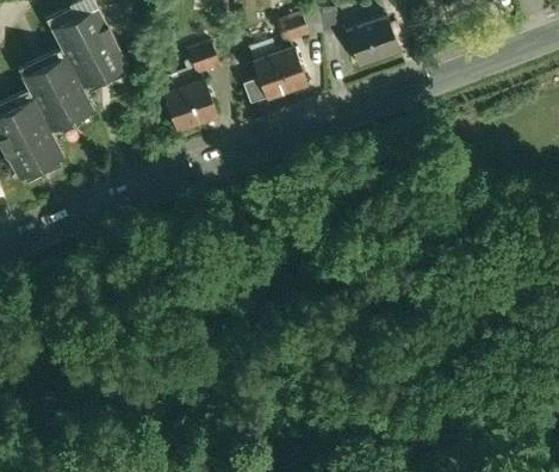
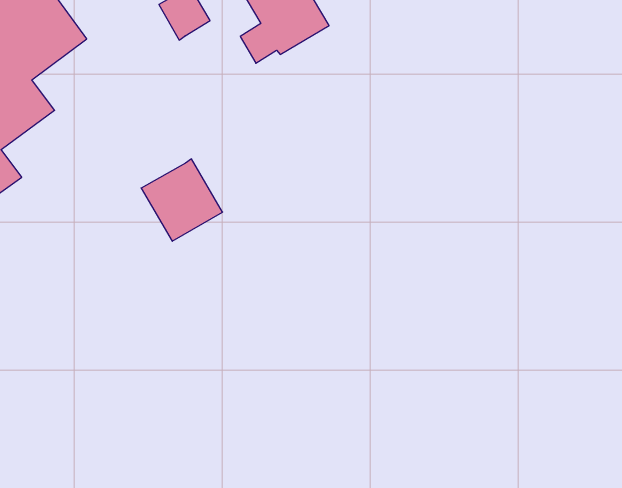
building: [161,76,218,135] -> [141,159,223,241]

